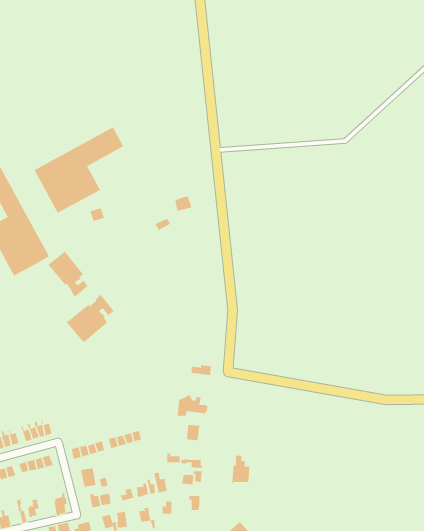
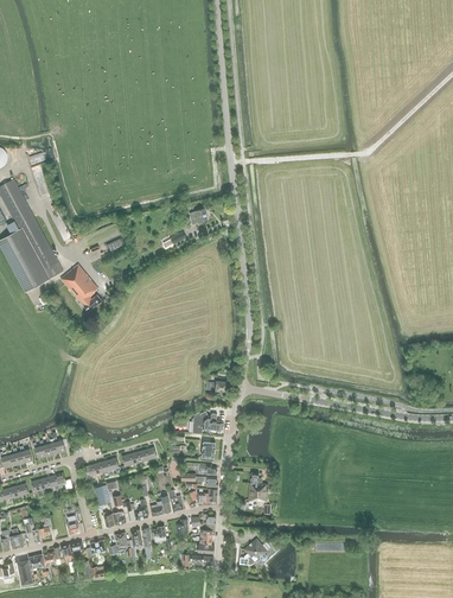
building: [34,126,124,214] -> none
building: [66,294,115,343] -> none

